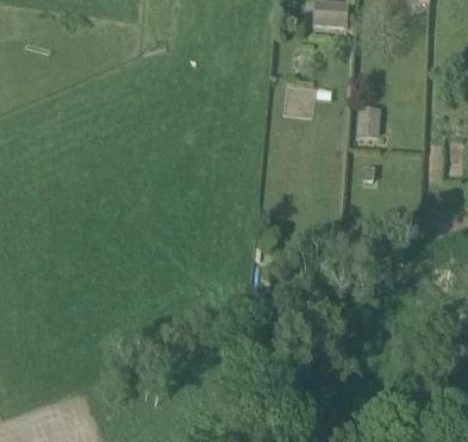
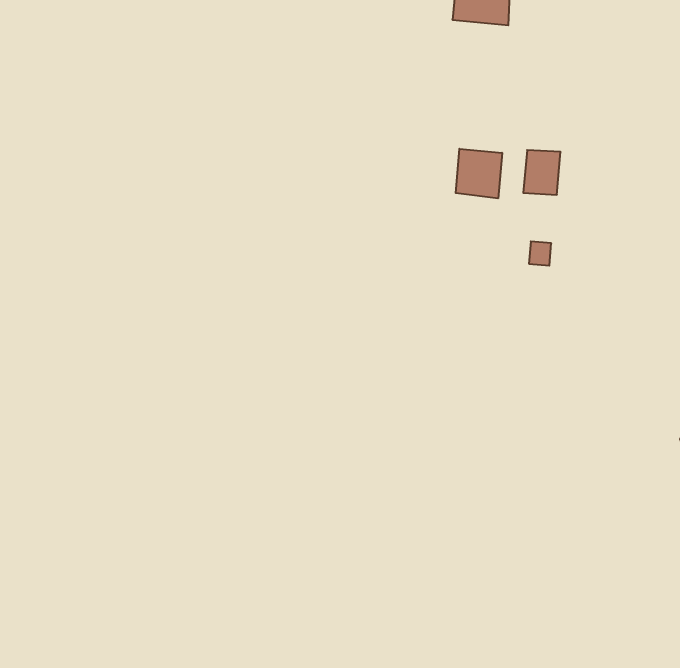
building: none -> [456,149,502,198]

